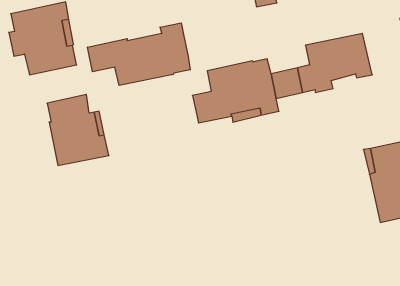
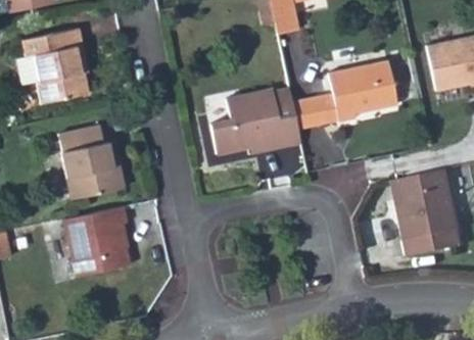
building: [88,23,190,85] -> none
building: none -> [64,206,130,275]

